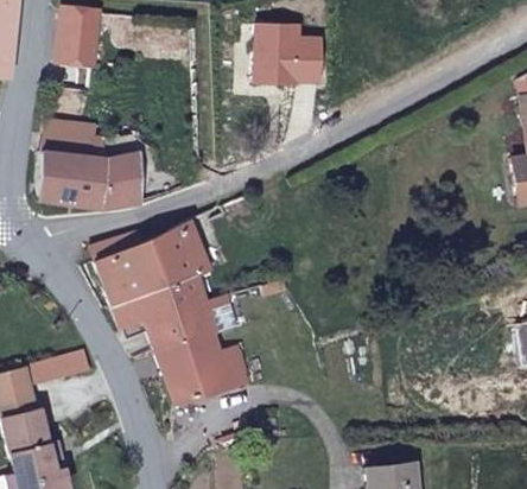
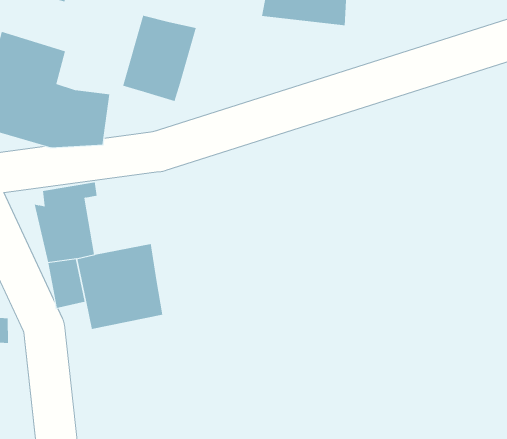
building: none -> [122,15,196,102]
building: [135,221,208,291] -> none
building: [158,330,248,402] -> none

